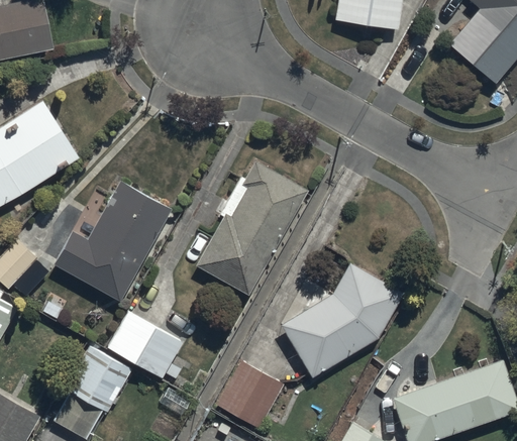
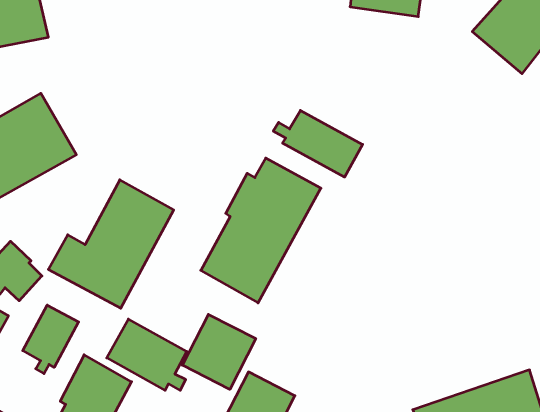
building: none -> [273,110,363,177]
building: [281,265,403,377] -> none
building: none -> [23,305,79,374]
building: none -> [182,314,256,389]

